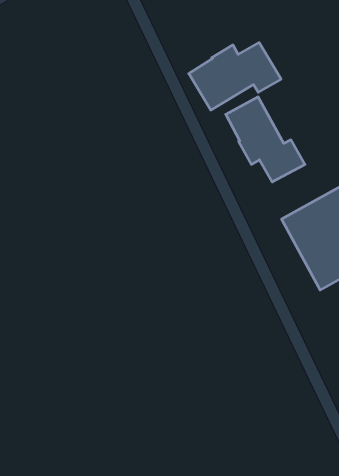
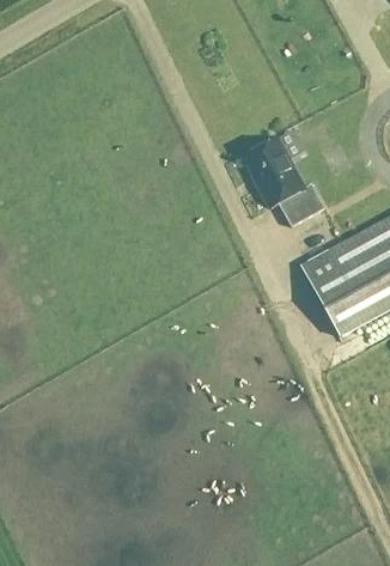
building: [189,43,281,110] -> none

